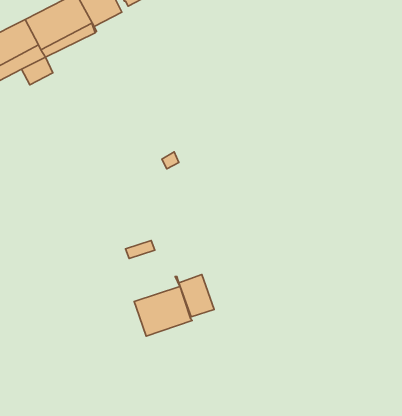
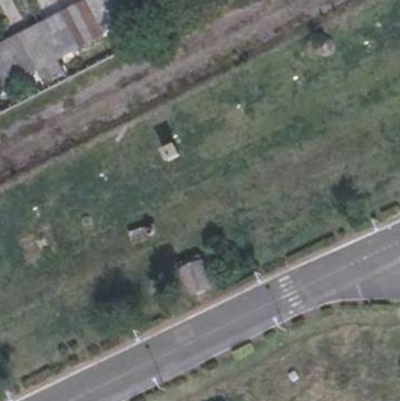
building: [134,276,192,336] -> none

